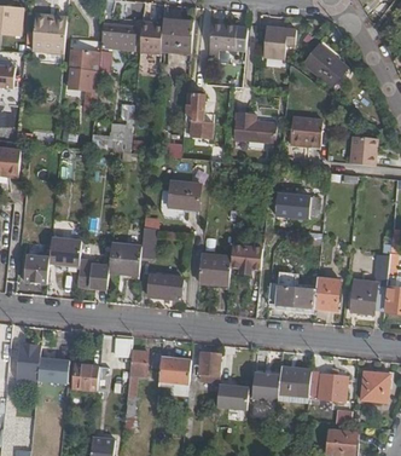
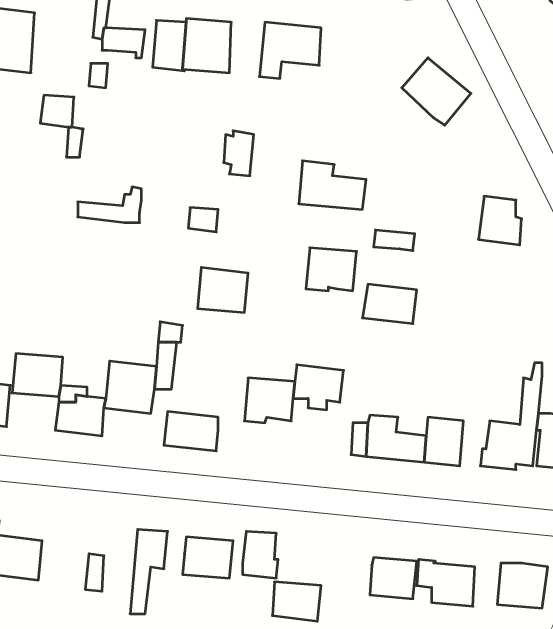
building: [262,27,295,58] -> none
building: [65,50,97,70] -> none
building: [289,119,321,146] -> [306,248,357,291]
building: [72,363,98,389] -> none
building: [252,371,280,399] -> none

